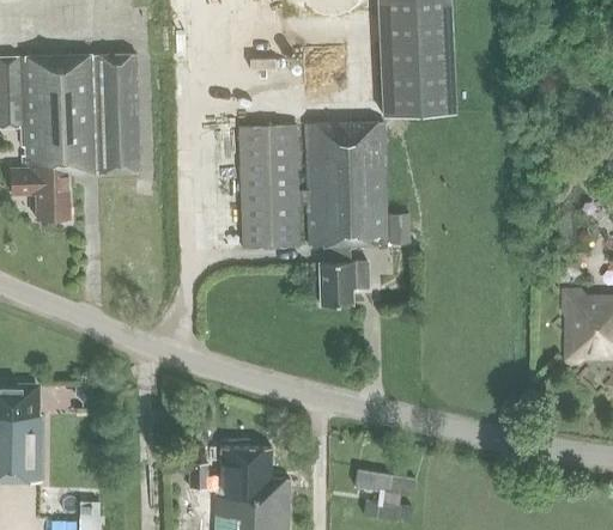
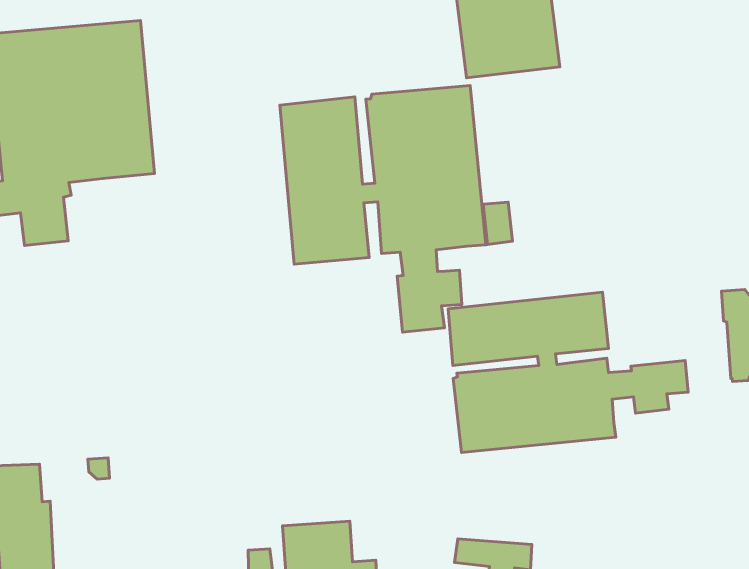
building: none -> [448,292,688,453]

